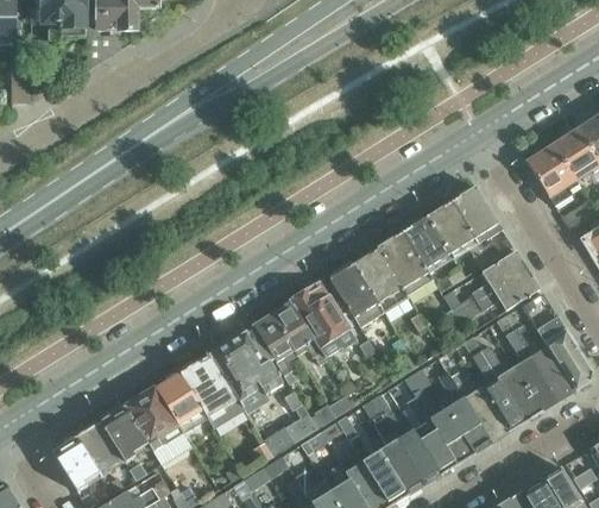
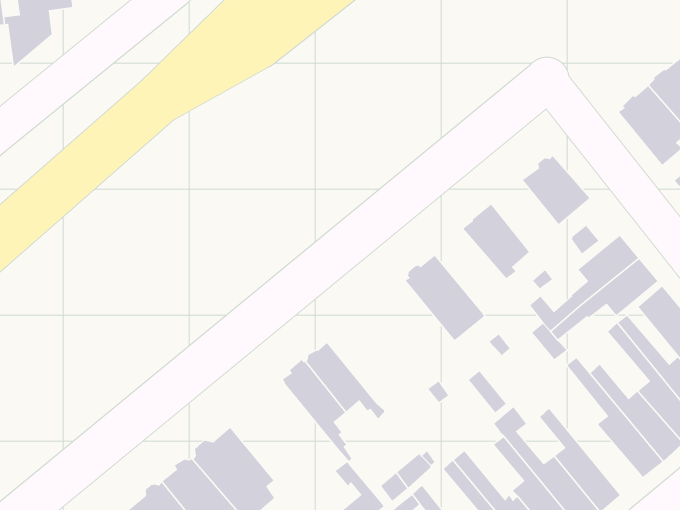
building: [424,201,475,262] -> none
building: [378,231,433,295] -> none
building: [329,263,384,327] -> none
building: [290,289,357,357] -> none
building: [210,327,286,412] -> none
building: [439,356,509,443] -> none

